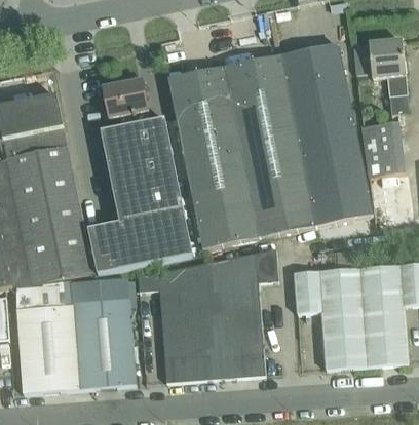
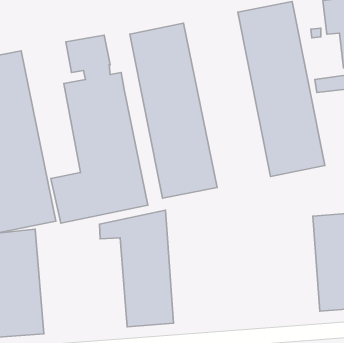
building: [225,55,315,237] -> none
building: [206,247,278,378] -> none
building: [294,267,367,369] -> none
building: [71,275,137,389] -> none

